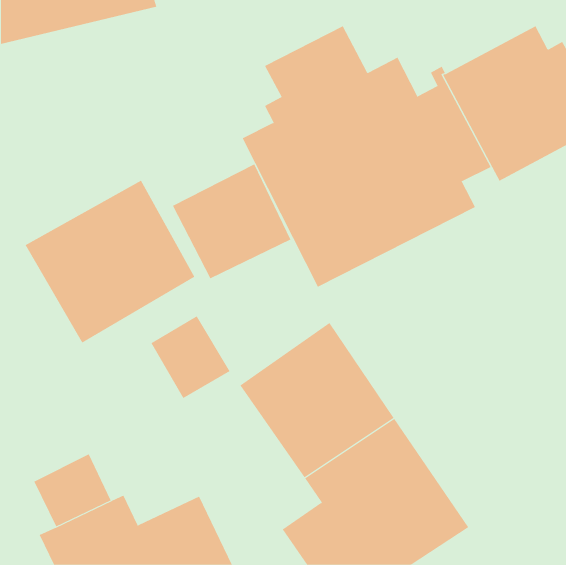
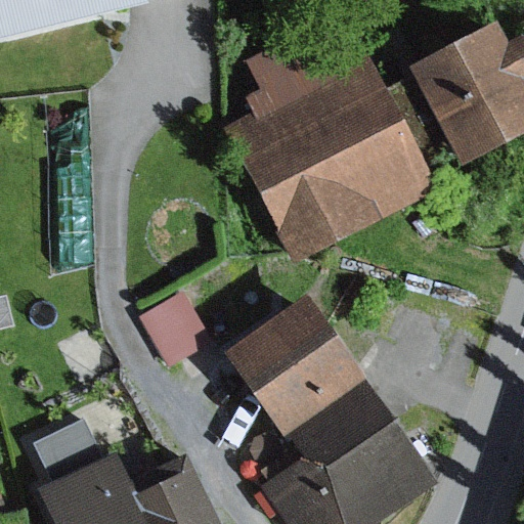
building: [172,164,291,279] -> none
building: [25,180,195,344] -> none

